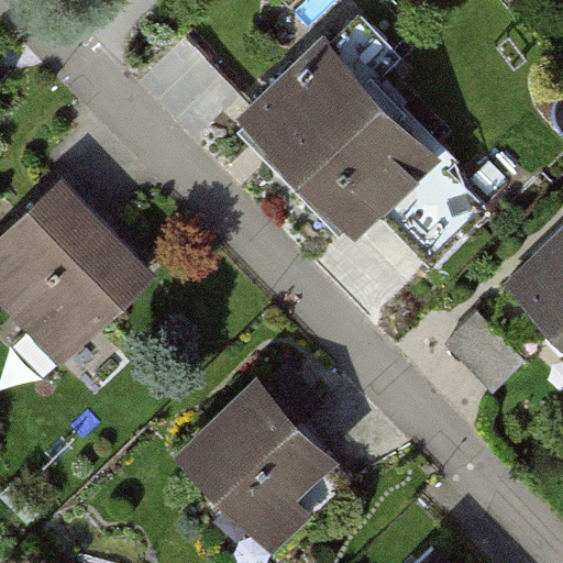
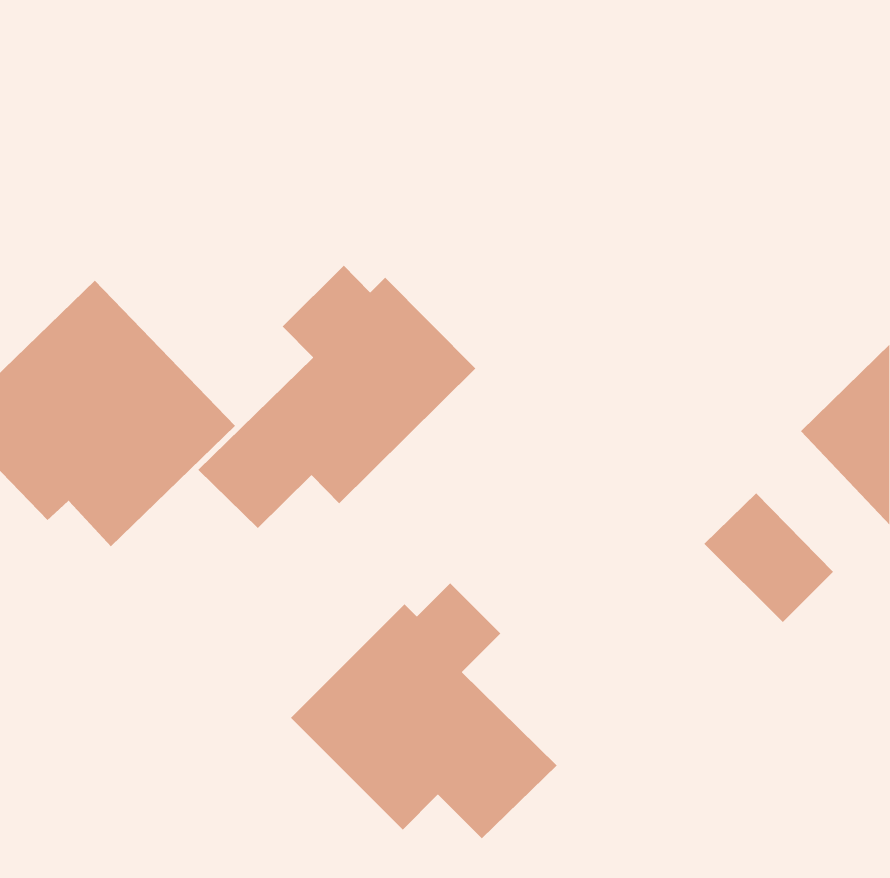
building: [233,33,444,244] -> none
building: none -> [197,265,476,529]

